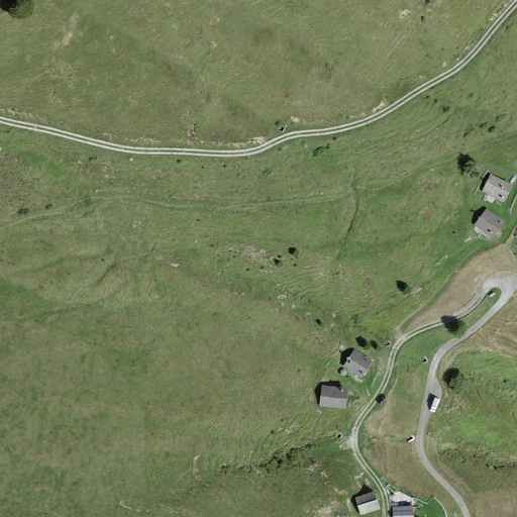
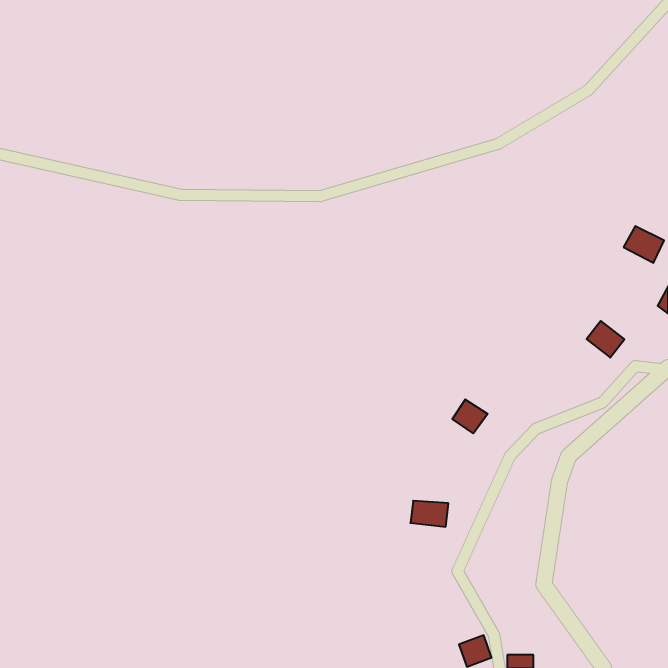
building: [476,210,505,238] -> [587,321,624,358]
building: [344,348,372,375] -> [452,399,488,433]

